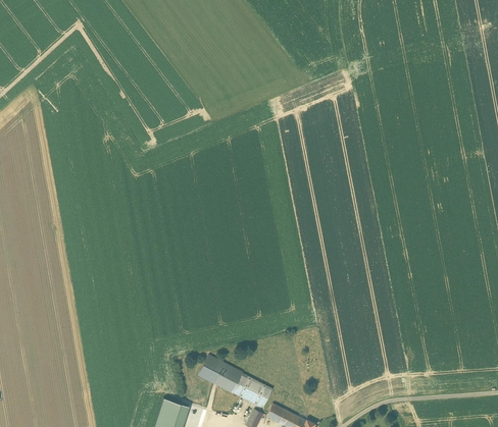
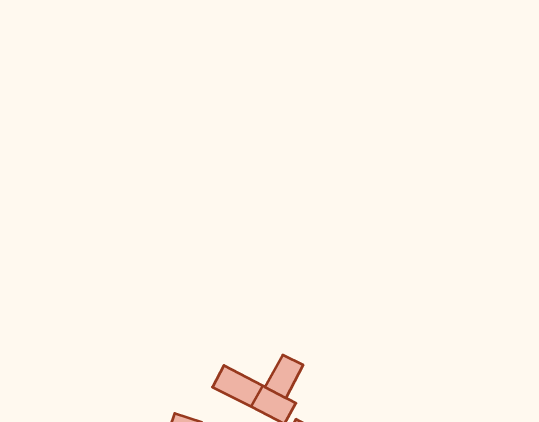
building: none -> [265,355,303,398]

